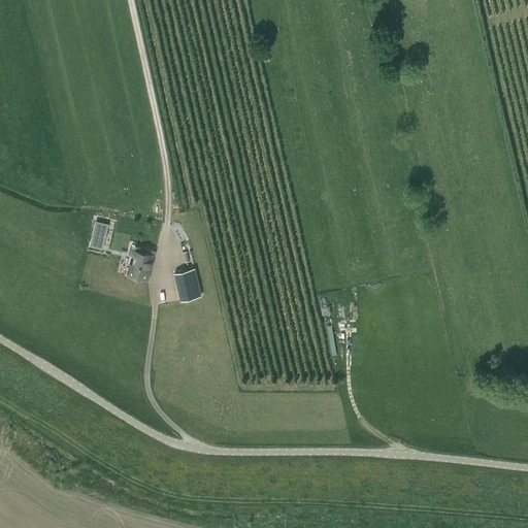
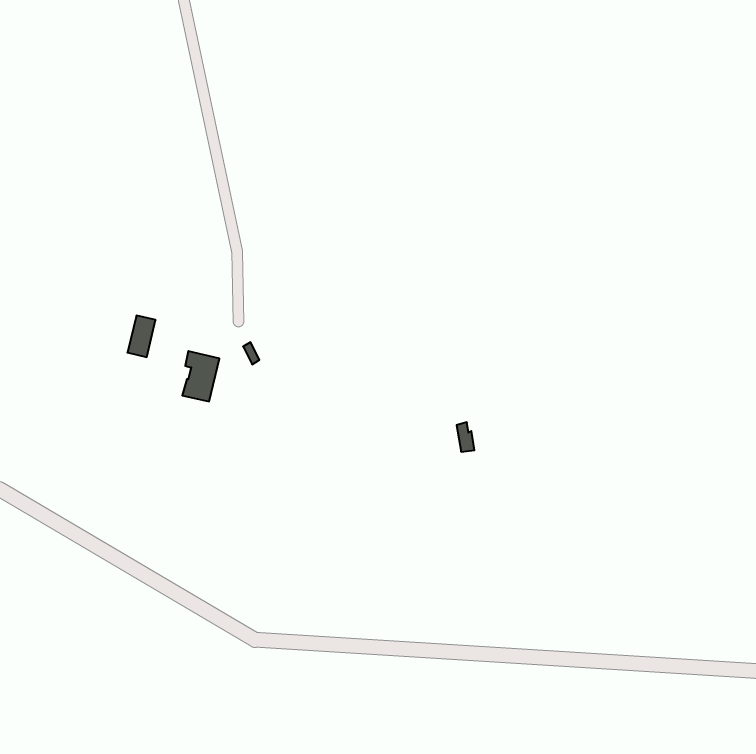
building: [173,270,200,302] -> none

